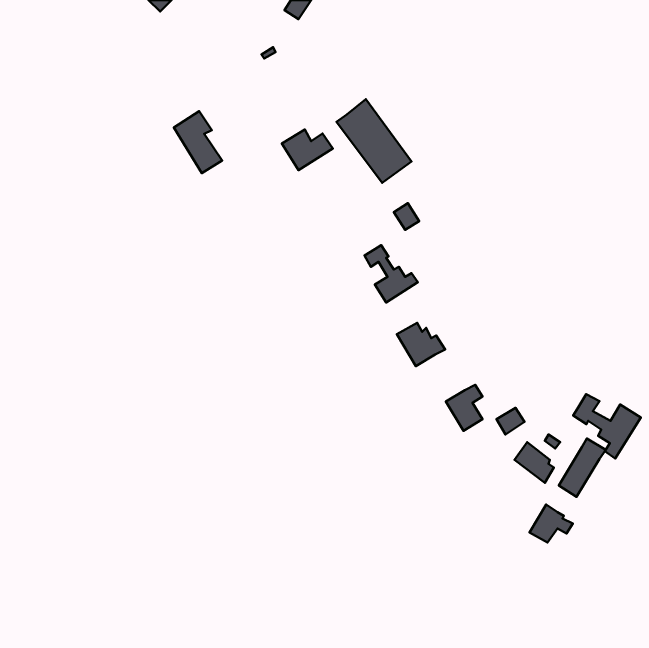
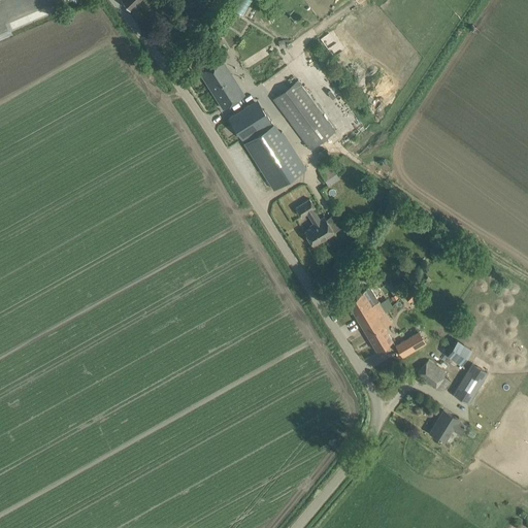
building: [174,111,222,173] -> [200,59,239,109]
building: none -> [244,123,305,190]
building: [397,323,445,366] -> [346,292,386,327]
building: [573,394,641,458] -> none

